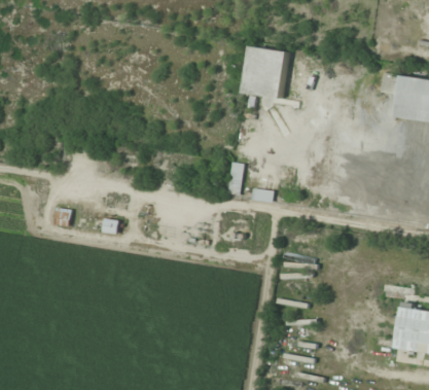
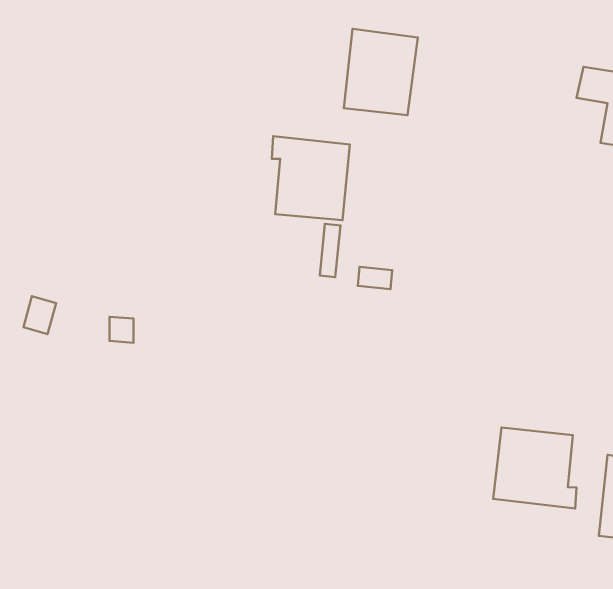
building: none -> [272,136,350,220]
building: none -> [493,428,577,509]

